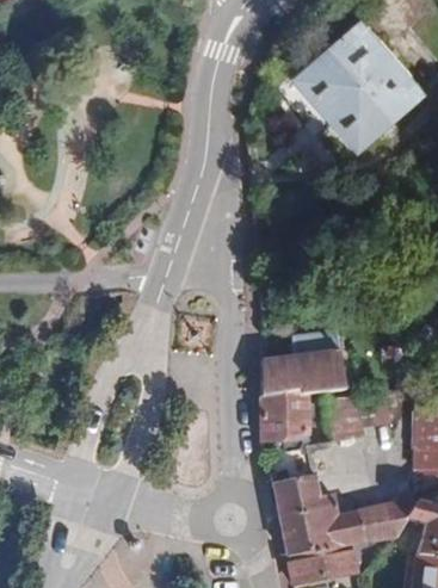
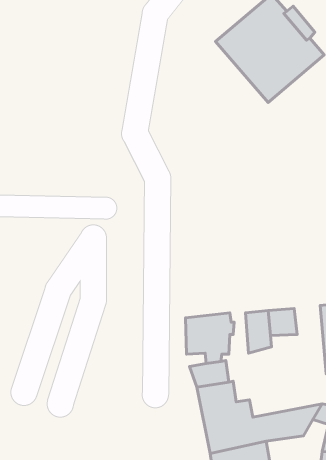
building: [259,332,344,402] -> none

